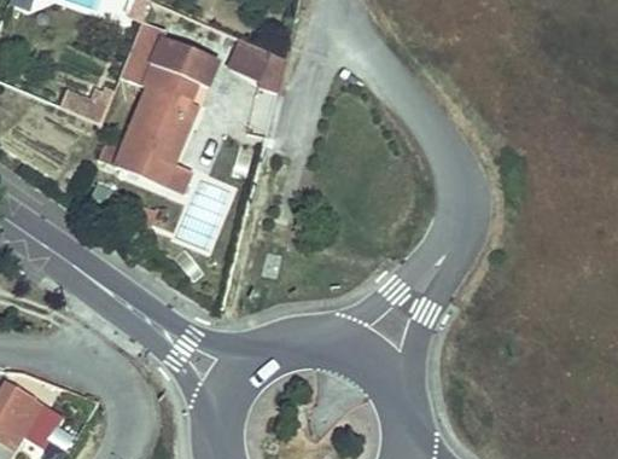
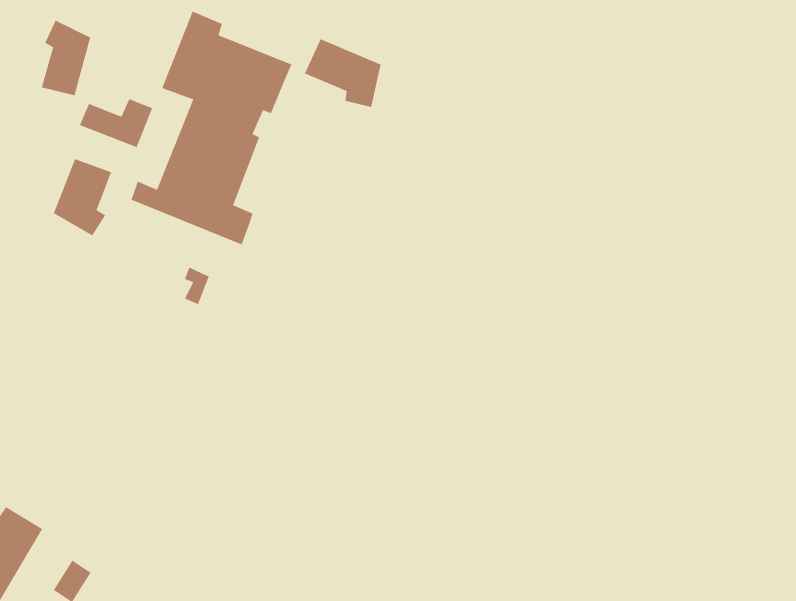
building: none -> [41,19,91,96]
building: none -> [53,158,112,236]

